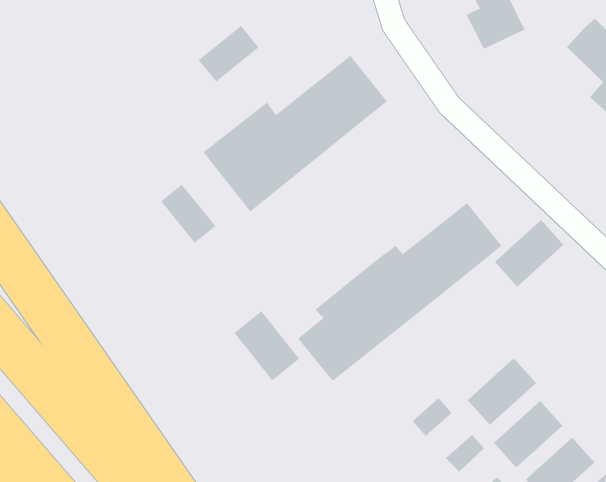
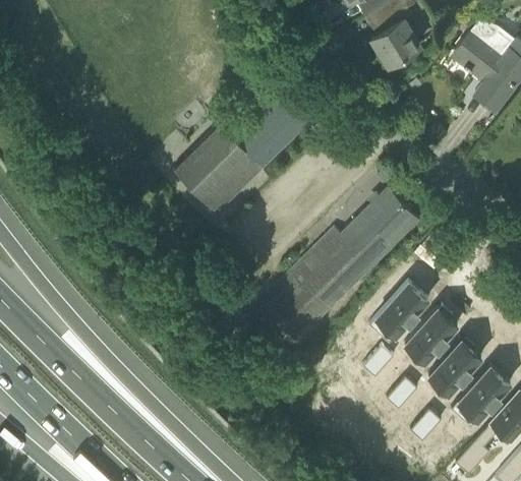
building: [198,25,260,83] -> none
building: [160,184,216,244] -> none
building: [494,219,564,287] -> [373,282,427,338]
building: [233,310,300,381] -> none

